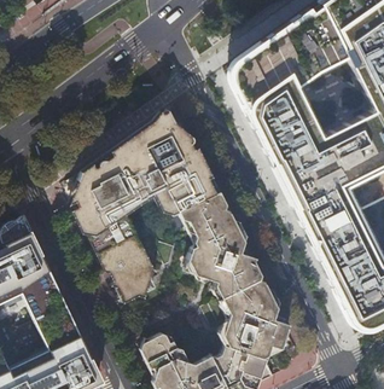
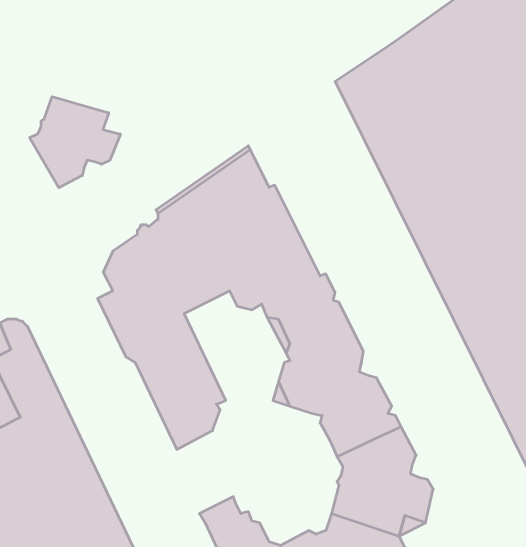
building: none -> [30,97,120,188]

